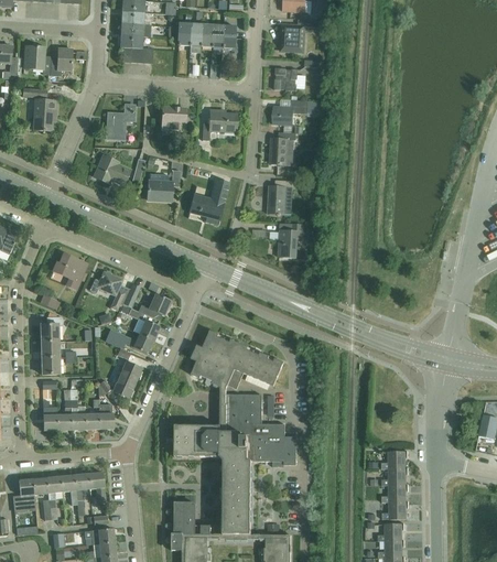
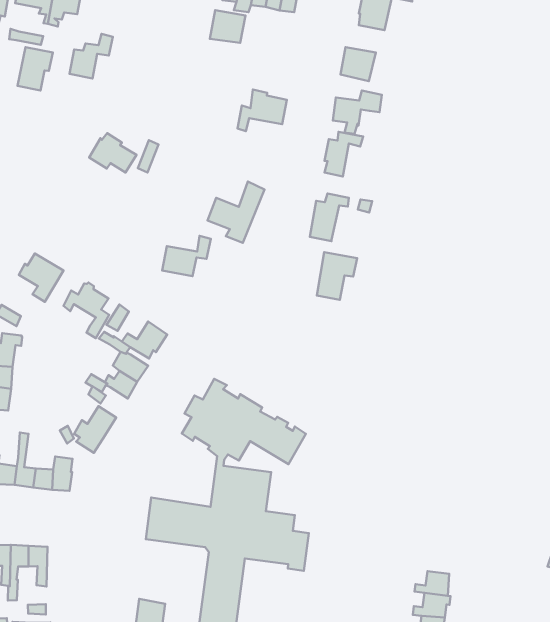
building: [106,105,134,139] -> [70,34,113,78]
building: [161,108,185,130] -> [210,10,245,43]
building: [147,170,180,201] -> [162,236,211,276]

